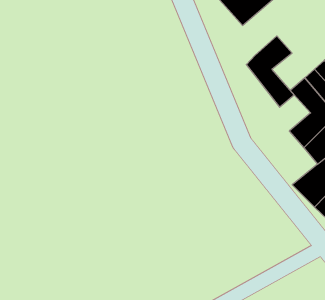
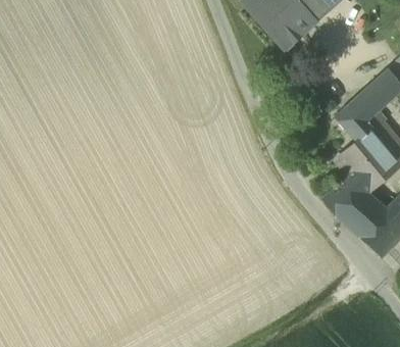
building: [246,36,294,107] -> none
building: none -> [323,177,364,215]

